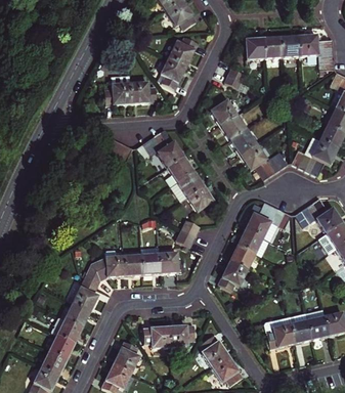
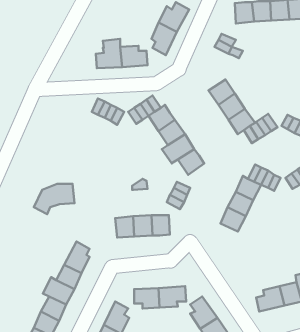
building: [208,100,235,127] -> none
building: [85,256,126,287] -> [34,184,75,214]
building: [219,261,248,291] -> none

